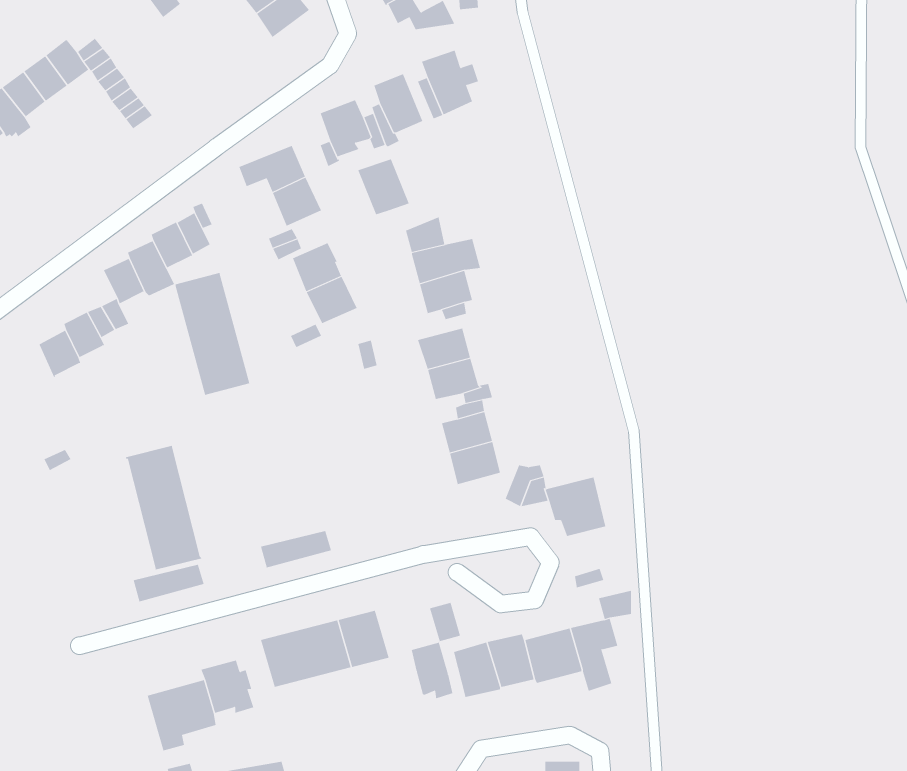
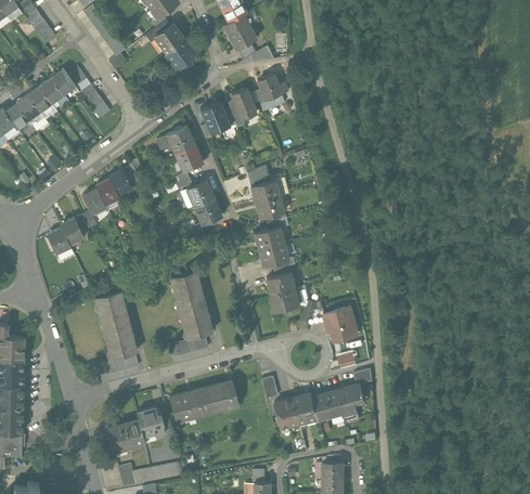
building: [358,159,409,215] -> none
building: [175,272,250,395] -> [170,270,211,337]
building: [411,642,454,699] -> none

